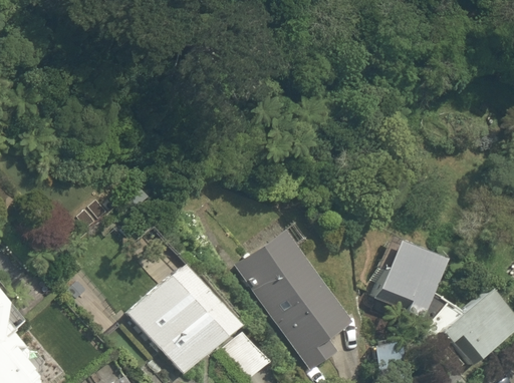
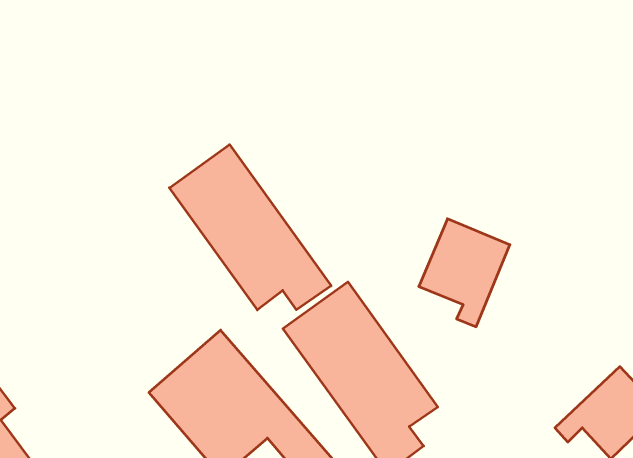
building: none -> [169,145,331,310]
building: [377,237,448,320] -> [419,219,510,327]

